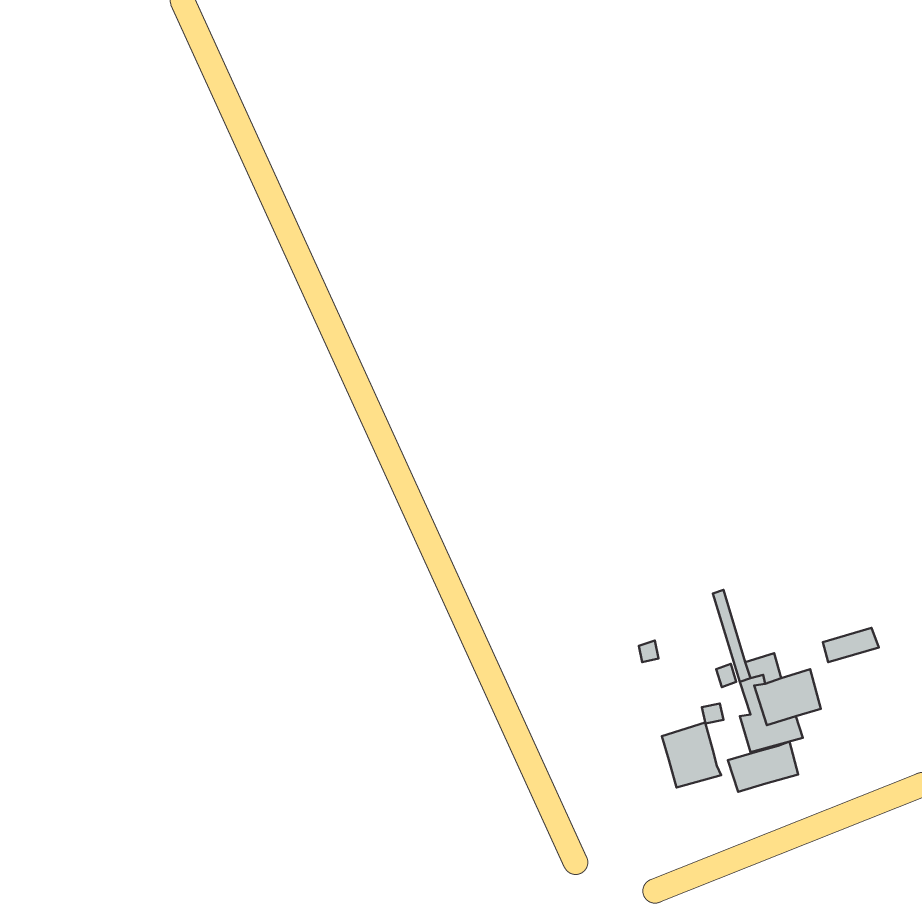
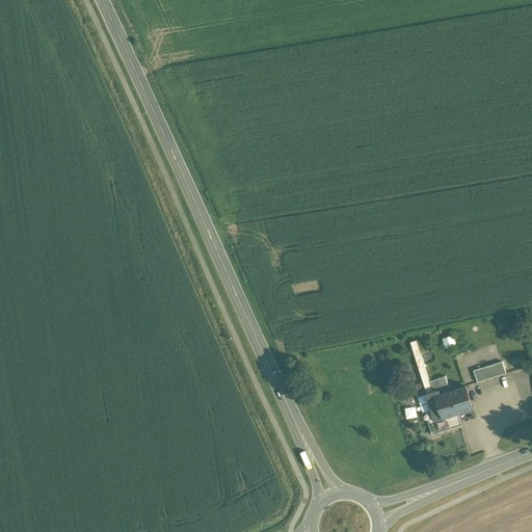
building: [662,723,721,788] -> none
building: [728,742,798,792] -> none

